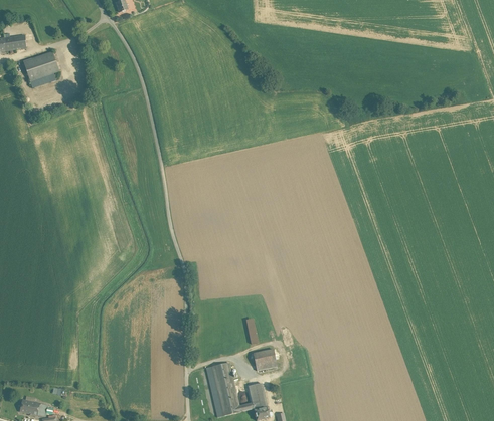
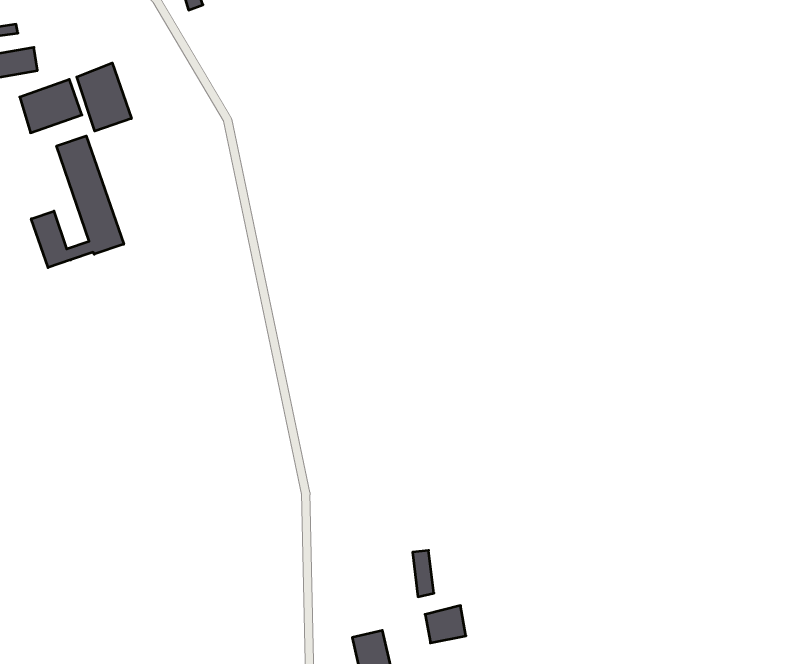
building: none -> [77,63,131,131]
building: none -> [31,136,124,268]

